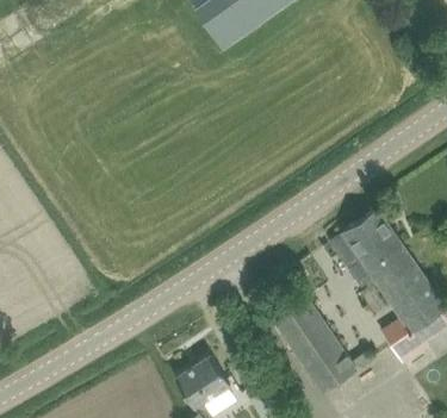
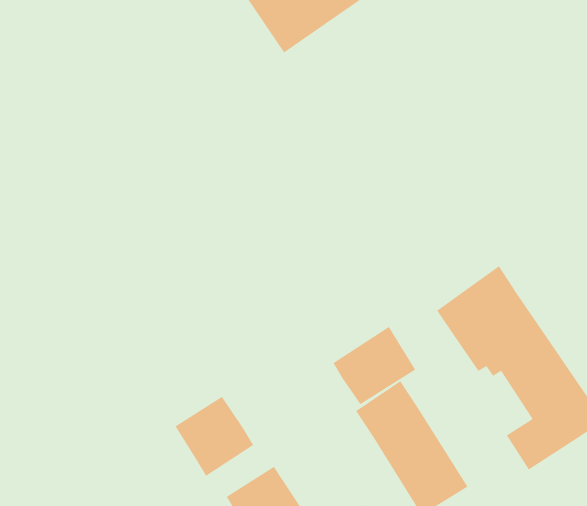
building: none -> [332,326,416,405]
building: none -> [175,396,254,477]

